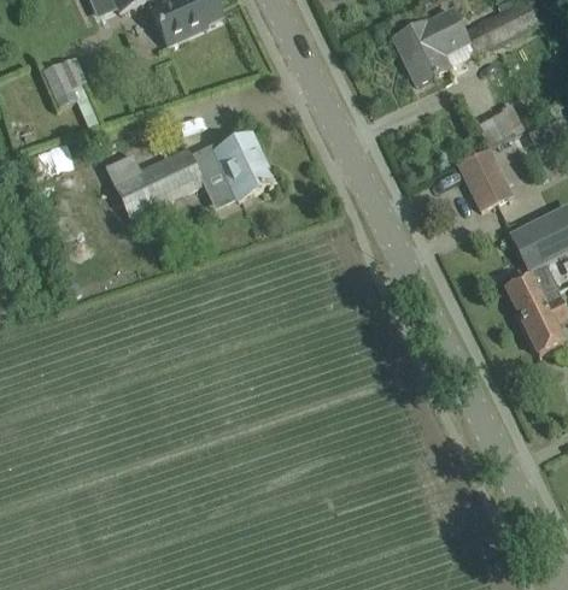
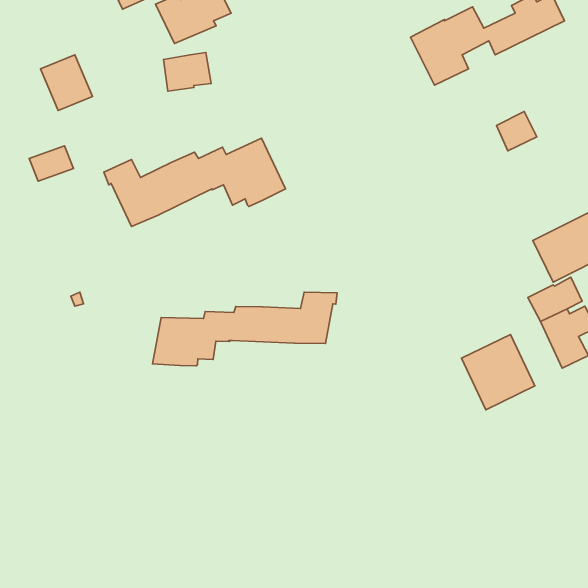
building: none -> [164,52,211,91]
building: [459,151,511,210] -> none
building: none -> [153,292,337,366]
building: none -> [461,334,535,410]

